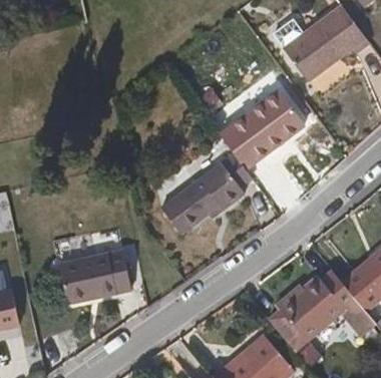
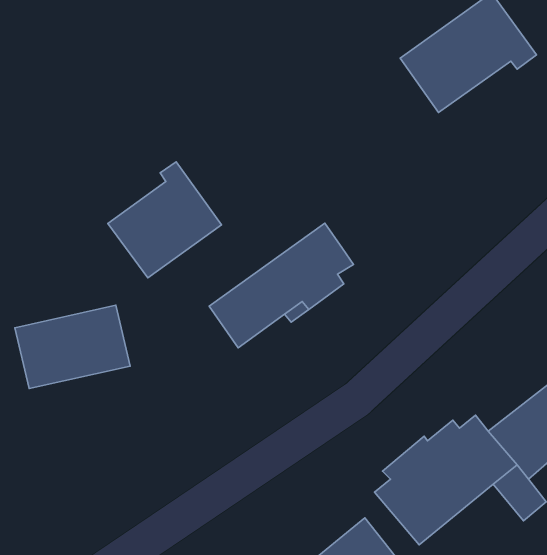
building: [225,89,310,166] -> none
building: none -> [108,162,222,278]
building: [61,247,133,299] -> [15,305,130,389]

